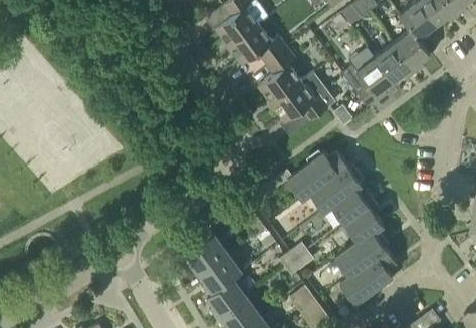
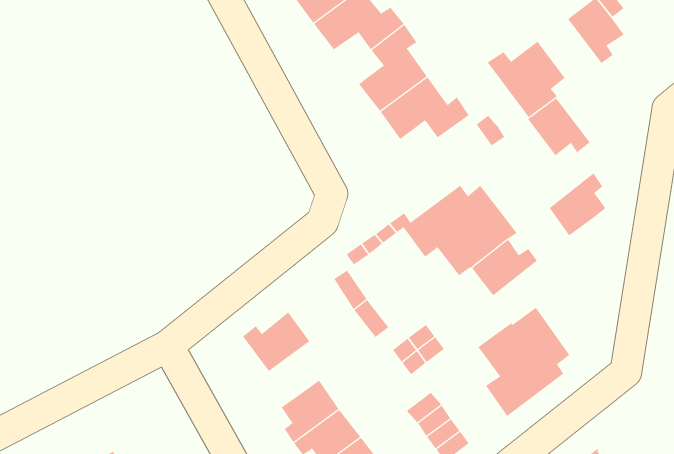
building: [375,44,416,82] -> [527,97,591,156]
building: [345,201,383,242] -> [549,173,606,236]
building: [200,253,241,296] -> none

